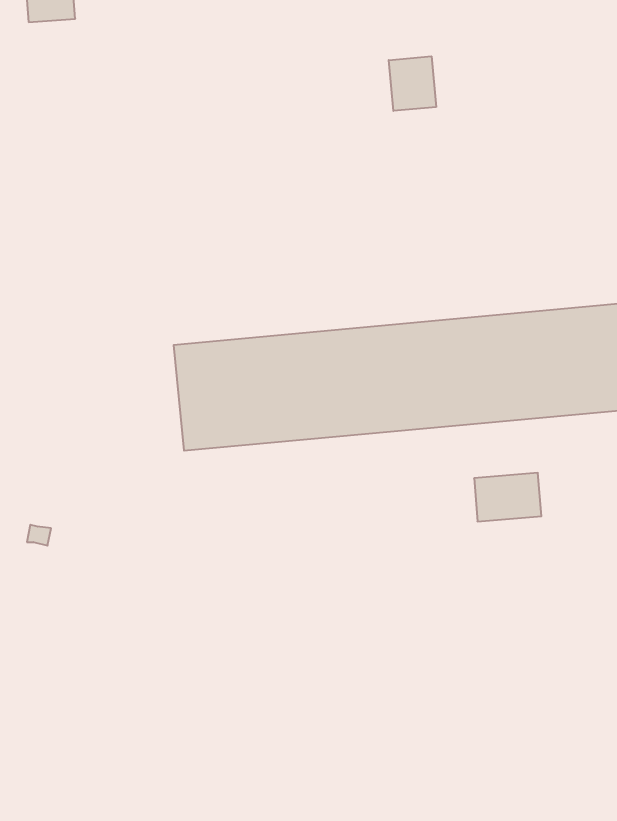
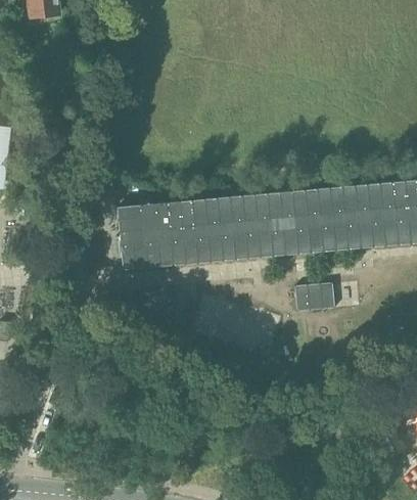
building: [389,56,436,111] -> none

